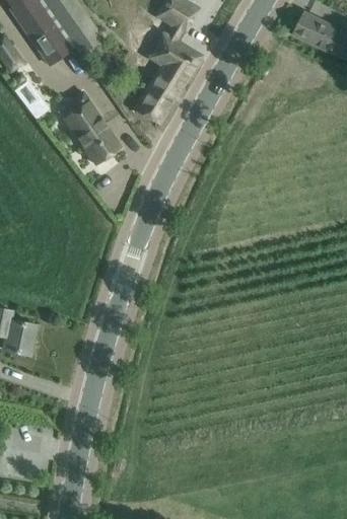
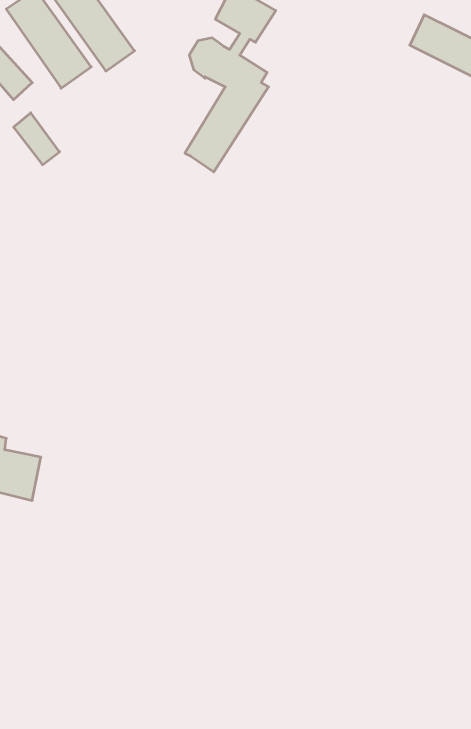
building: [63,99,121,164] -> none

